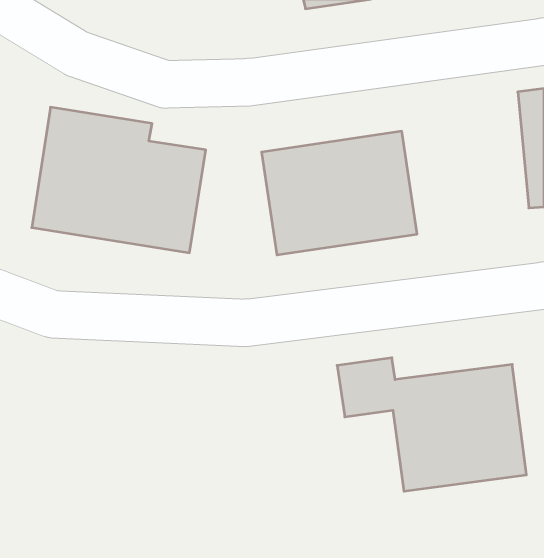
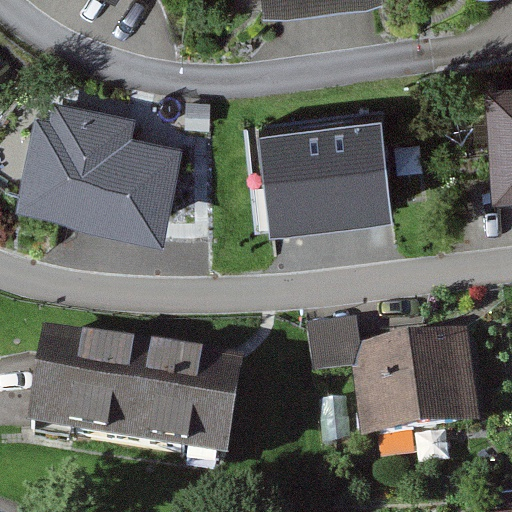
building: none -> [42,343,254,469]

